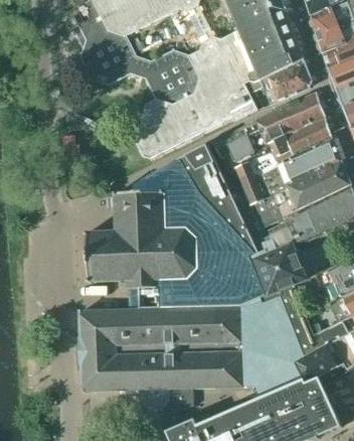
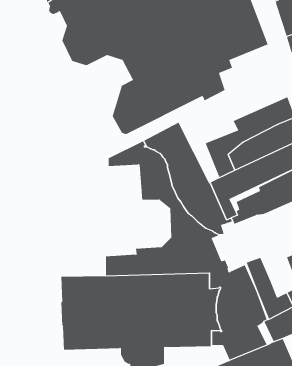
building: [262,58,312,102] -> none
building: [213,91,325,165] -> none
building: [85,188,198,287] -> none
building: [243,243,305,301] -> none

